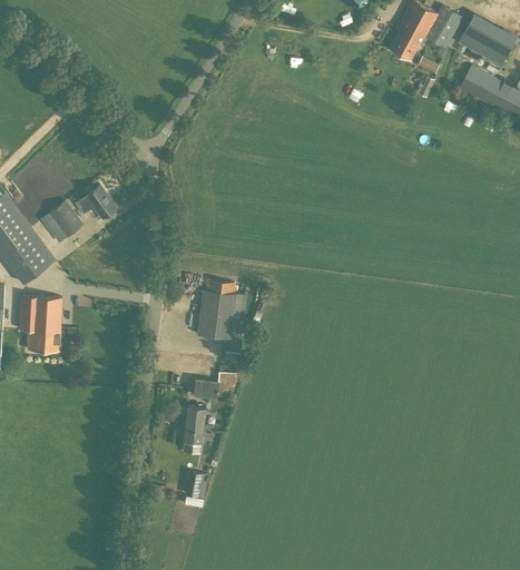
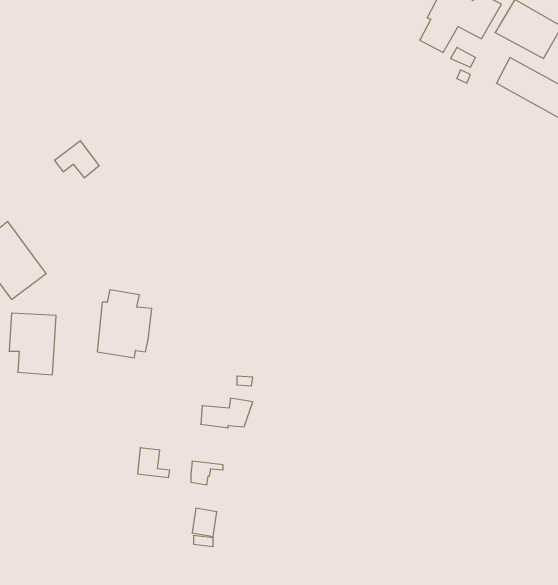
building: [76,186,116,219] -> [55,141,99,178]
building: [40,202,84,244] -> none
building: [197,279,246,341] -> [97,290,152,358]
building: [185,406,214,433] -> [138,448,170,477]

